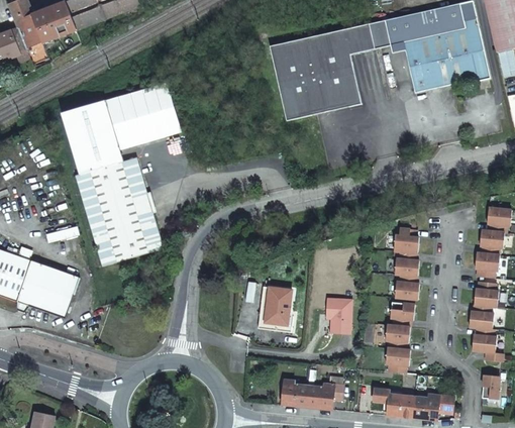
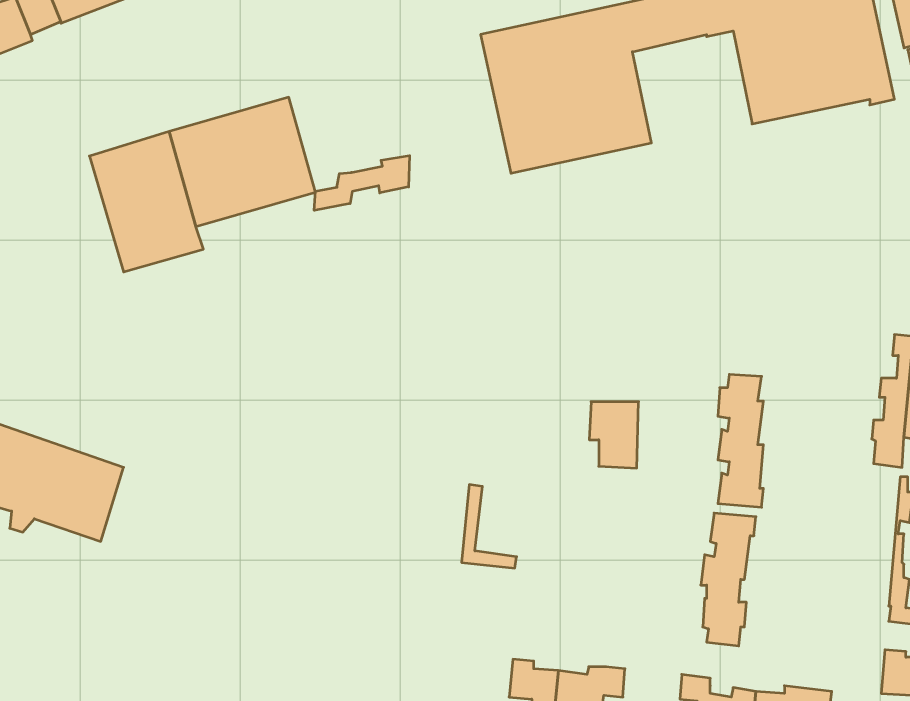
building: none -> [314,156,410,210]
building: [75,156,162,264] -> none
building: [470,280,492,350] -> none
building: [266,287,292,324] -> none
building: [326,297,352,332] -> [589,402,639,468]

